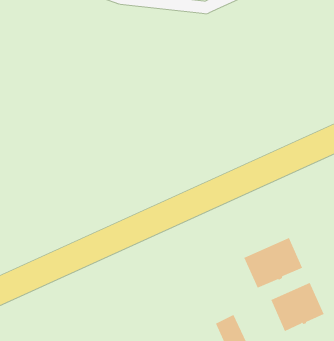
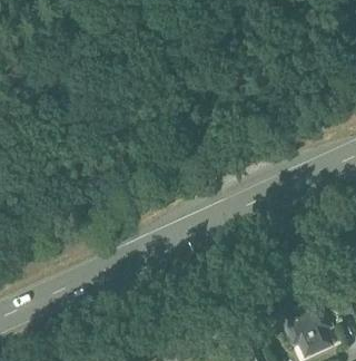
building: [244,237,303,289] -> none

